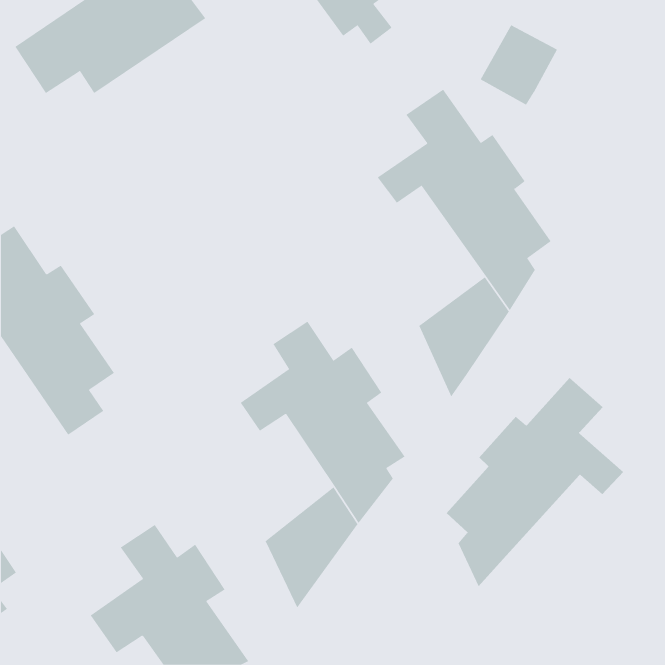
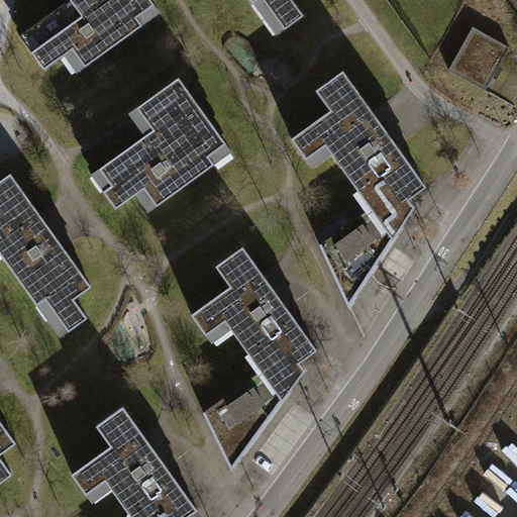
building: [480,25,558,105] -> [450,27,511,90]
building: none -> [82,70,228,211]
building: [446,377,624,587] -> none

